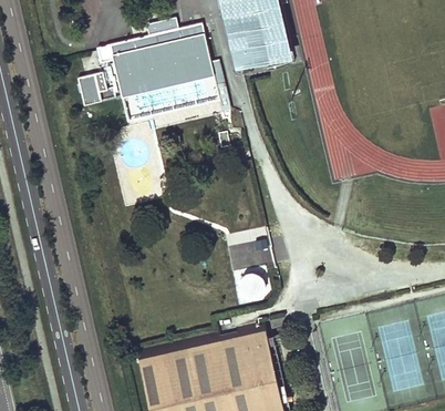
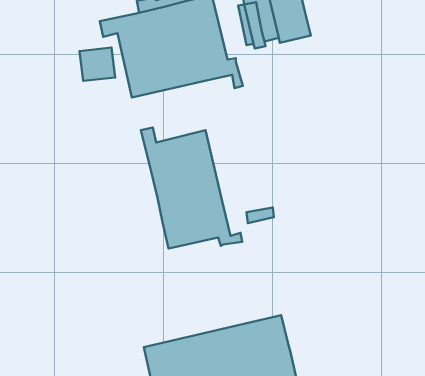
building: none -> [141,127,242,249]

